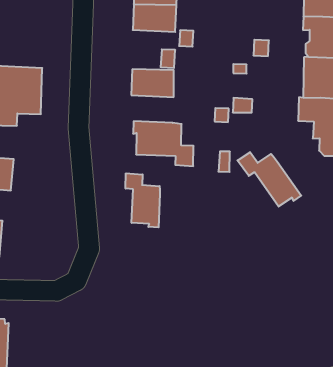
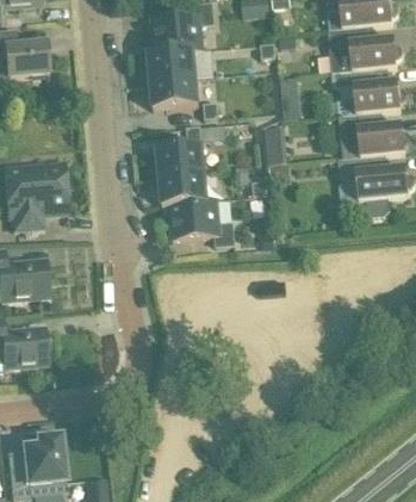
building: none -> [160,174,207,206]
building: [237,152,301,207] -> none
building: [126,173,160,227] -> none

